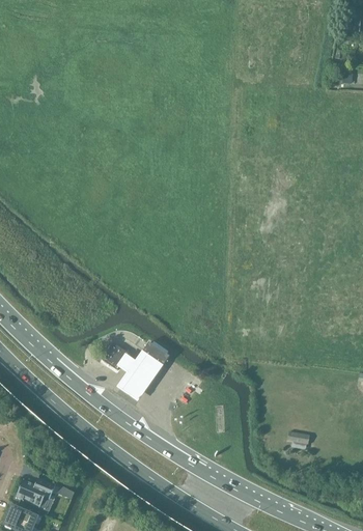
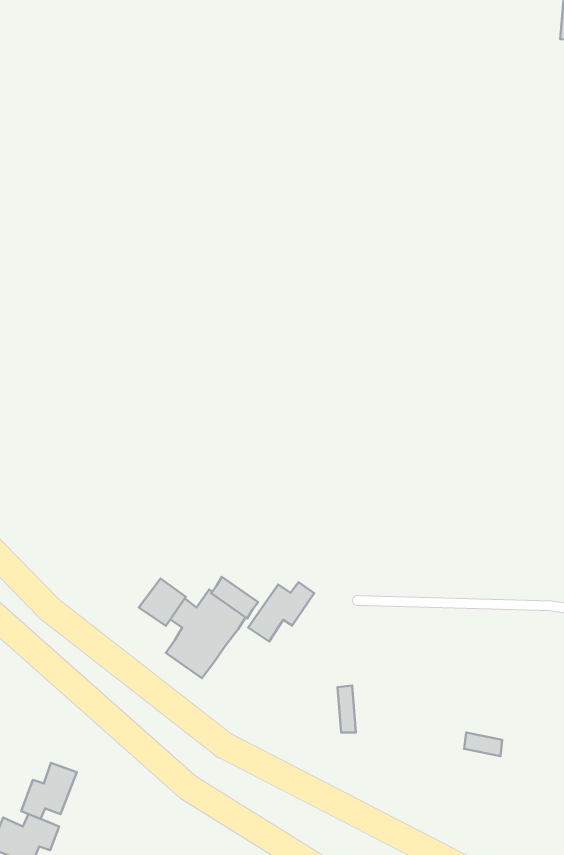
building: none -> [248,582,314,641]
building: none -> [21,763,77,819]

